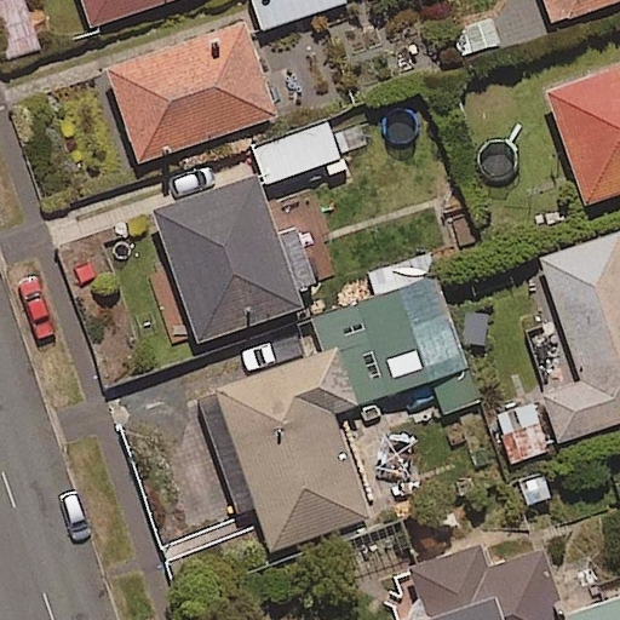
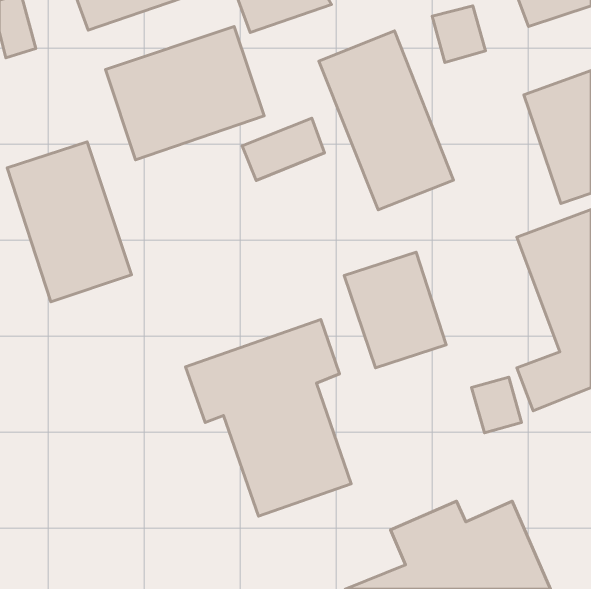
building: none -> [319,31,453,210]
building: none -> [7,142,132,302]
building: [155,183,314,344] -> none

